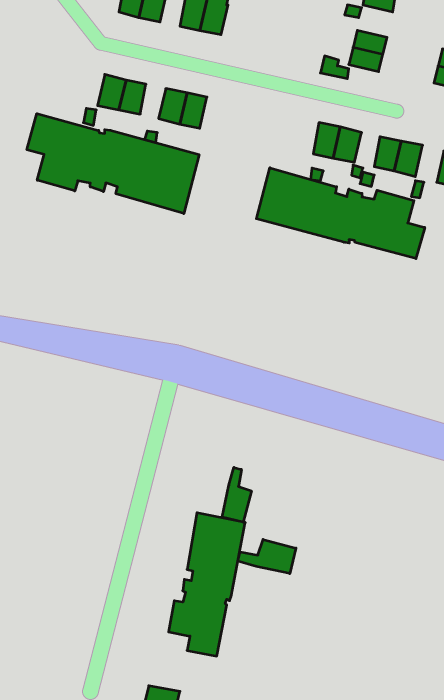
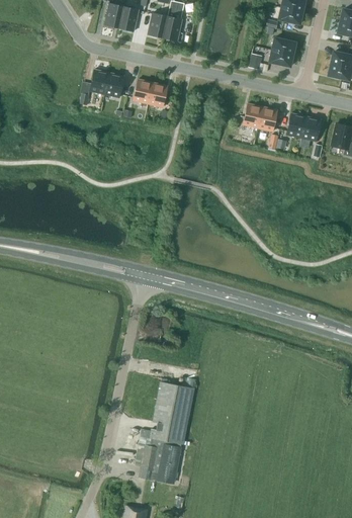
building: [27,114,199,214] -> none
building: [256,168,425,259] -> none
building: [222,467,251,522] -> none
building: [238,539,296,574] -> none

